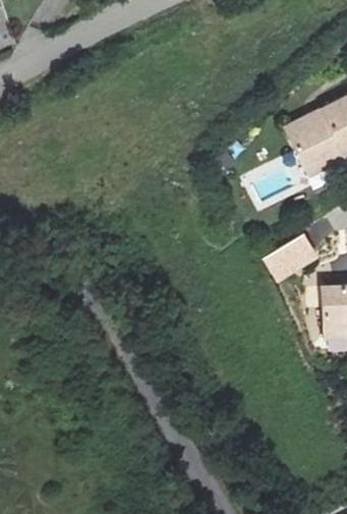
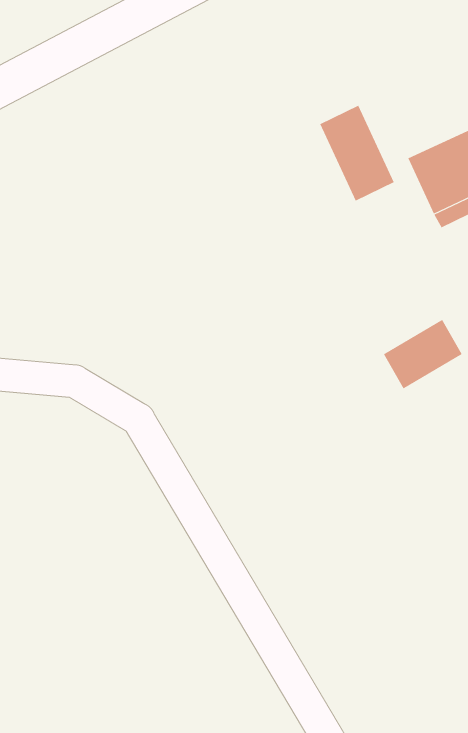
building: none -> [320,105,394,201]

